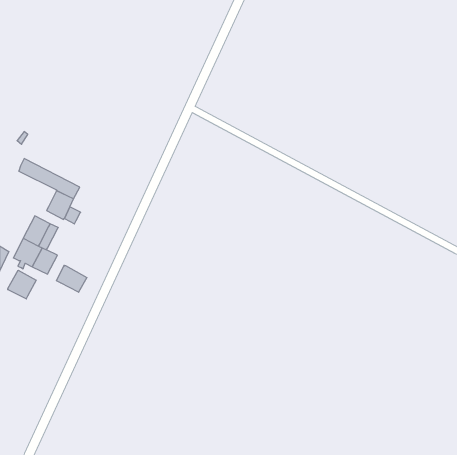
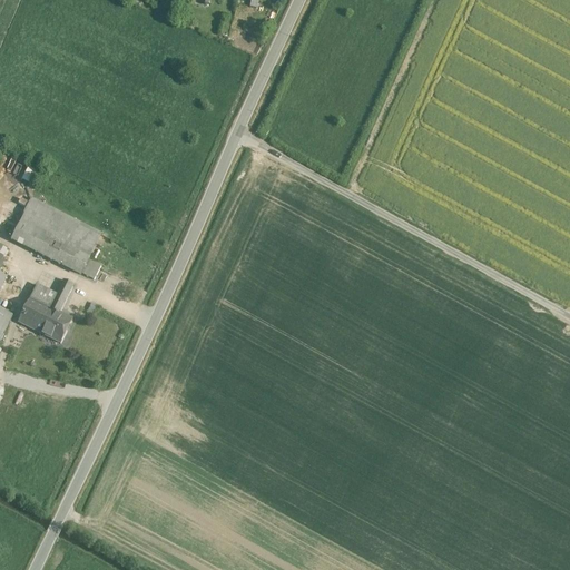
building: none -> [10,213,70,262]
building: [57,265,87,292] -> none
building: [8,270,36,299] -> none

